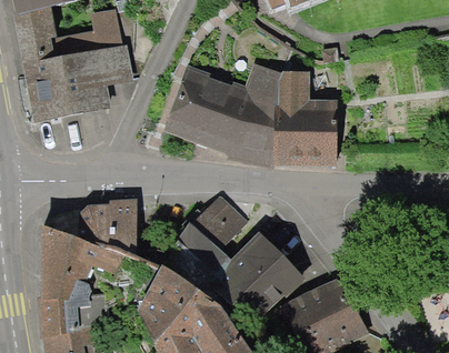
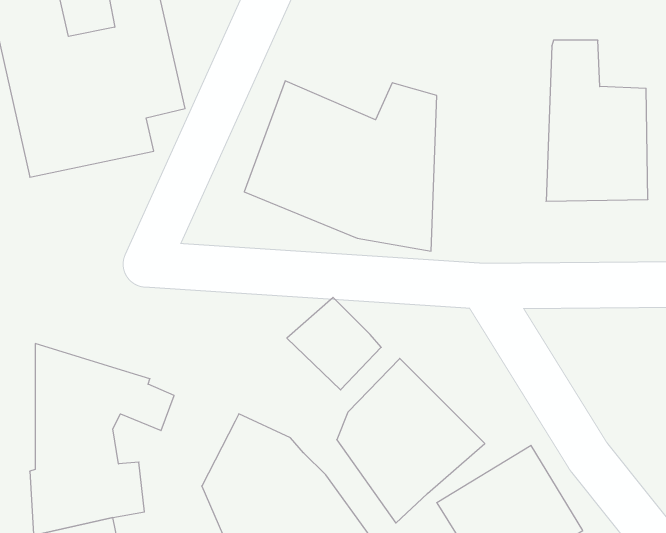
building: [278,70,339,167] -> [546,40,648,201]
building: [79,199,136,253] -> none
building: [178,219,223,268] -> none

